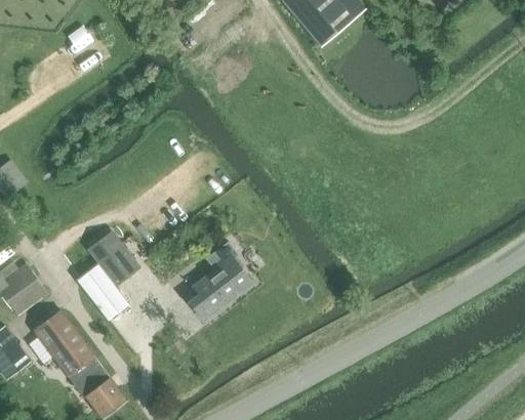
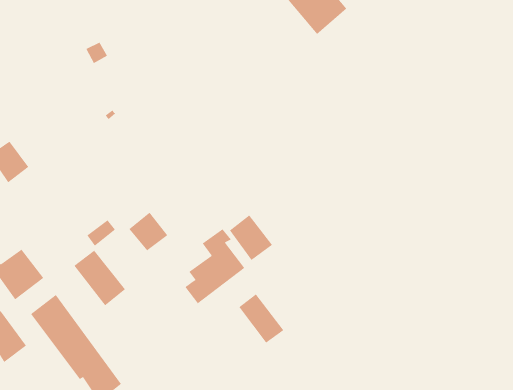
building: none -> [229,215,273,261]
building: [98,243,138,283] -> [129,212,168,251]
building: none -> [239,293,284,344]

